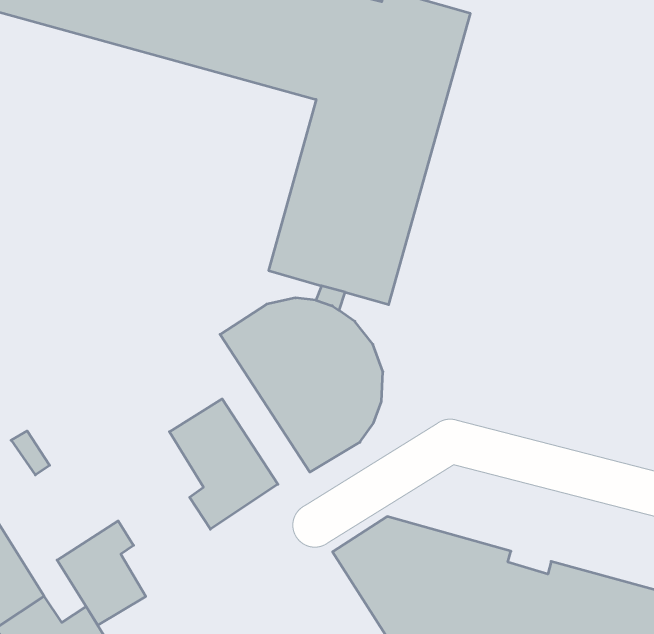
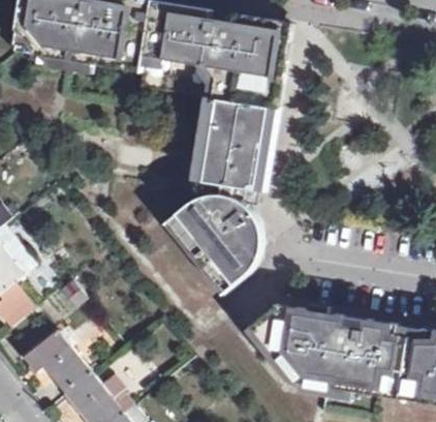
building: [169,399,278,529] -> none
building: [57,521,146,625] -> none

